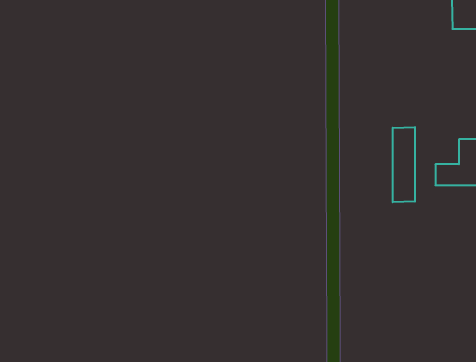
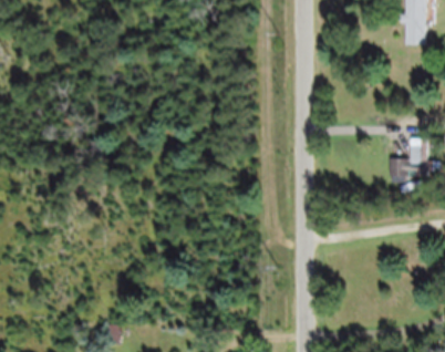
building: [393,127,415,202] -> none

